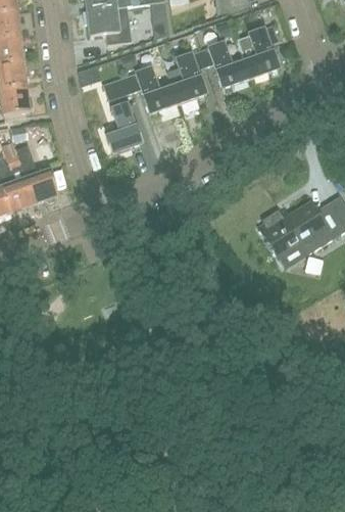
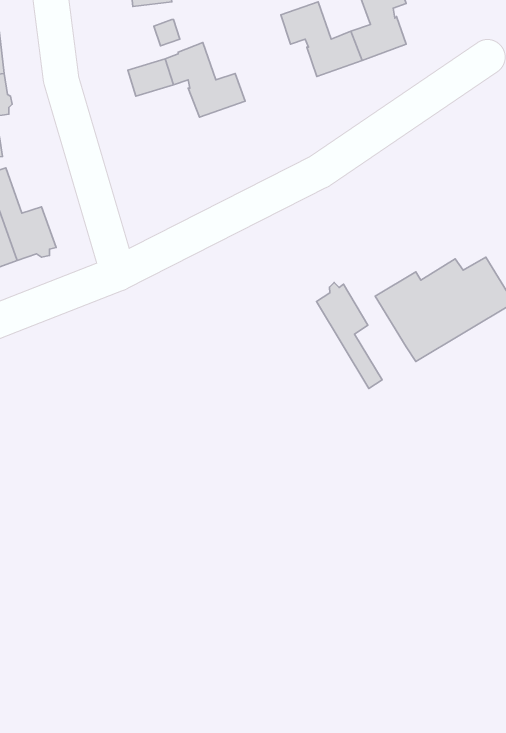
building: [171,48,206,102] -> none
building: [106,101,141,152] -> none
building: none -> [316,283,382,389]

